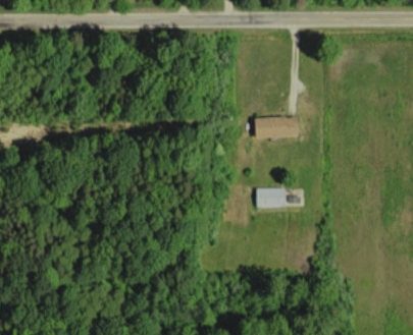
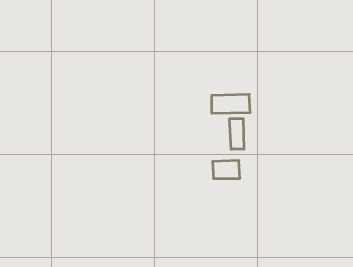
building: none -> [230,119,244,149]

